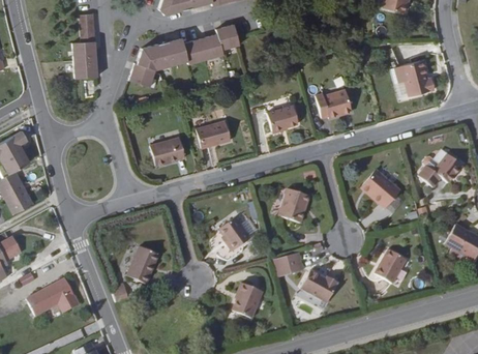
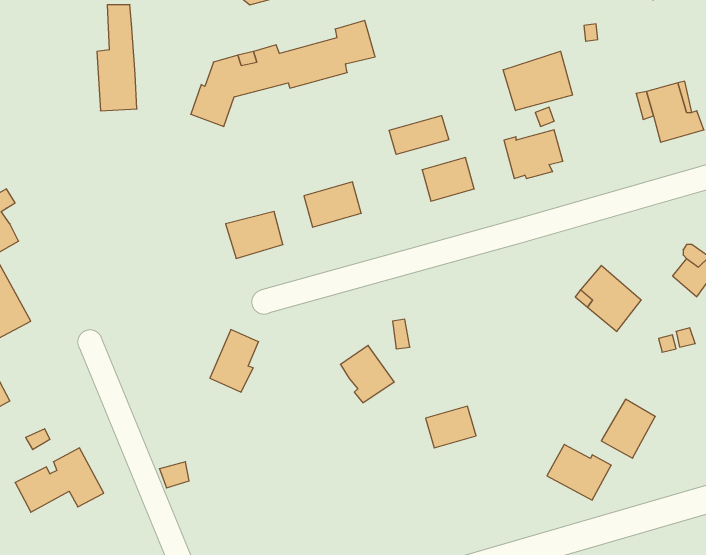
building: none -> [503,51,572,111]
building: none -> [389,116,449,154]
building: [278,189,308,224] -> none
building: [127,246,156,284] -> [210,330,259,392]
building: [299,271,337,304] -> [547,444,611,500]
building: [232,283,261,318] -> none

